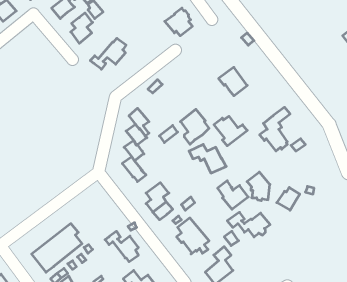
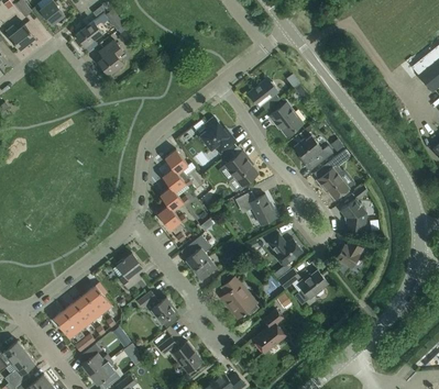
building: [165,8,192,36] -> [248,78,279,110]
building: [90,38,126,69] -> none
building: none -> [199,116,235,154]
building: [214,116,247,146] -> [294,136,332,170]
building: [247,172,270,201] -> [340,199,366,232]
building: none -> [118,253,143,288]

